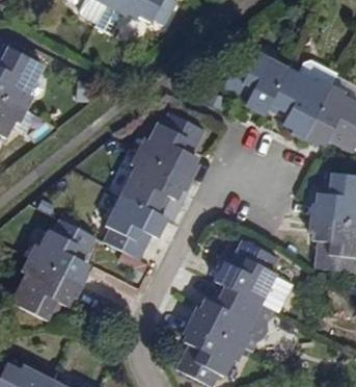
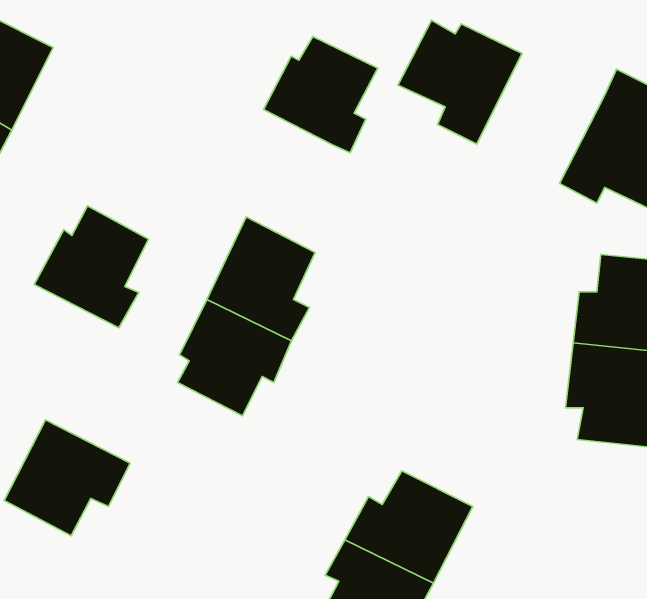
building: [268,67,331,135] -> none
building: [142,114,202,176] -> [263,37,378,153]
building: [36,218,97,283] -> [34,206,149,328]
building: [216,243,294,315] -> none

